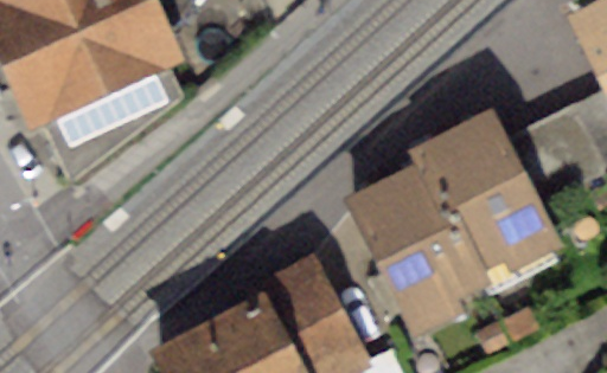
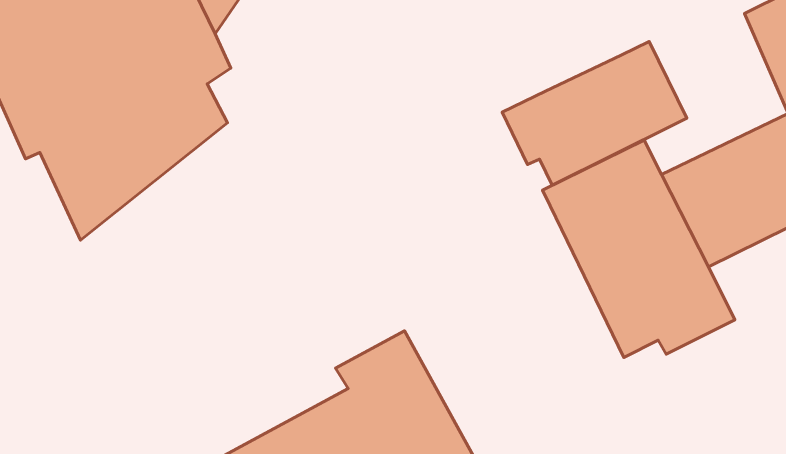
building: none -> [502,42,687,185]
building: [344,159,484,335] -> none

